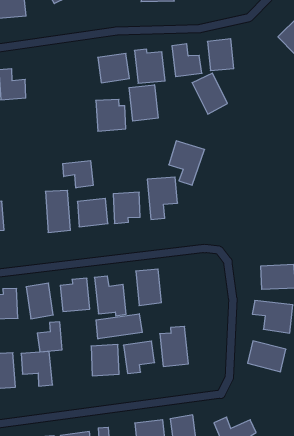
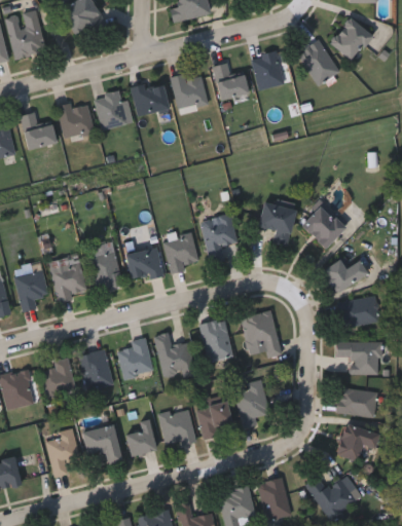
building: none -> [57,103,93,140]
building: [192,73,227,114] -> [296,41,338,87]
building: [129,85,158,121] -> none
building: [96,99,126,131] -> [94,92,131,130]
building: [169,141,205,185] -> [258,199,296,247]
building: [63,161,93,188] -> none
building: none -> [302,205,344,248]
building: none -> [50,259,87,300]
building: none -> [321,259,367,294]
building: none -> [242,310,282,358]
building: [96,314,142,339] -> none
building: [37,322,62,352] -> [125,419,155,455]
building: none -> [336,423,378,460]

